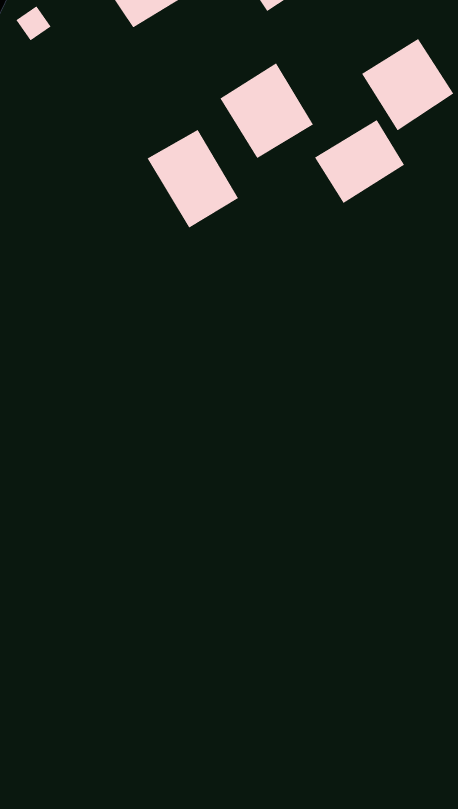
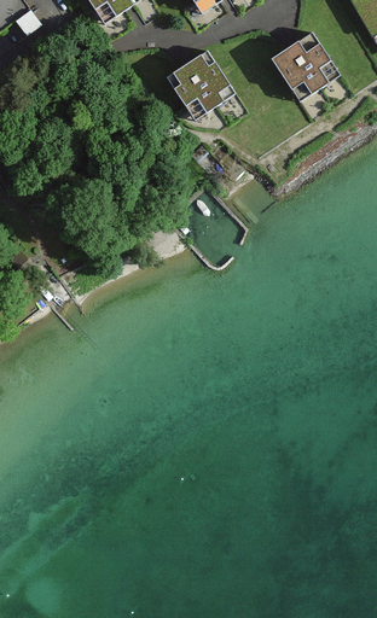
building: [314,119,405,204] -> none
building: [147,129,239,228] -> none

